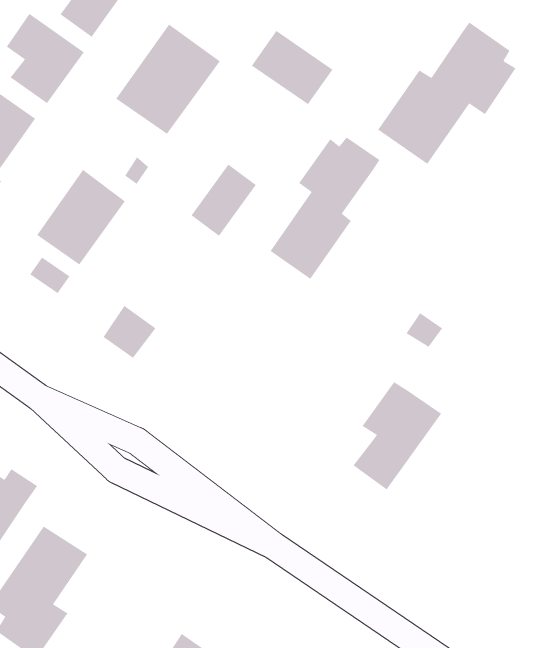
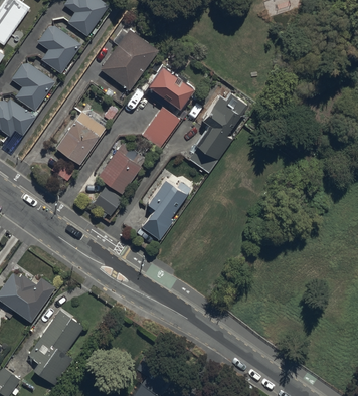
building: [377,22,516,165] -> none
building: [251,30,333,105] -> [148,66,194,109]
building: none -> [98,144,145,194]
building: [353,381,442,491] -> [142,179,192,240]

